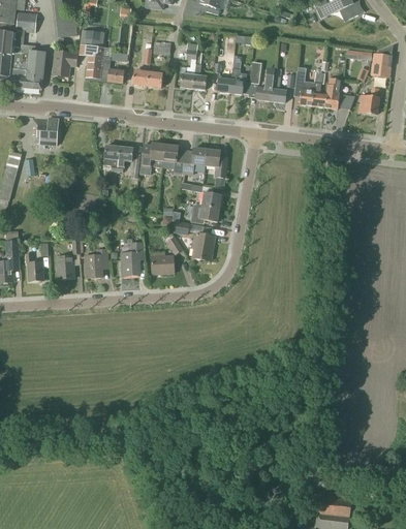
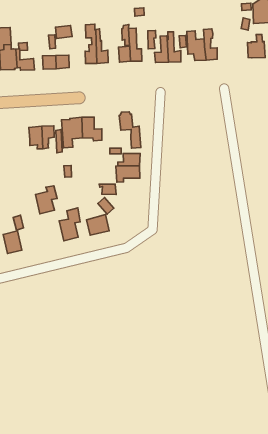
building: [324,77,343,108] -> none
building: [183,147,207,174] -> none
building: [192,232,215,260] -> none
building: [85,249,107,277] -> [36,186,57,214]

